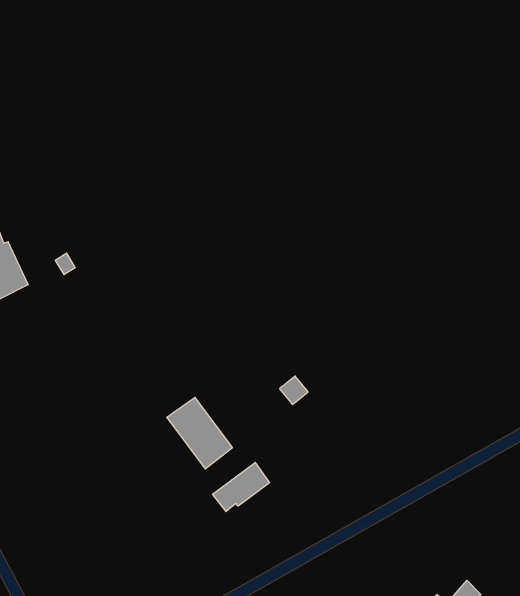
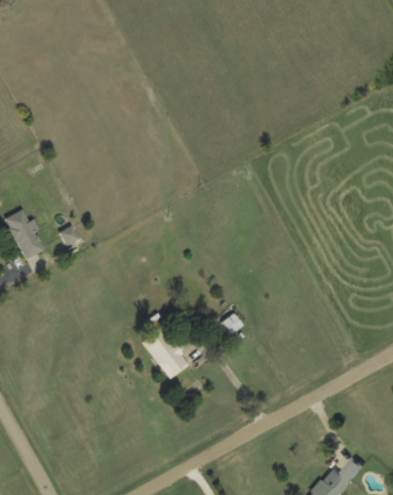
building: [213,462,269,512] -> none

